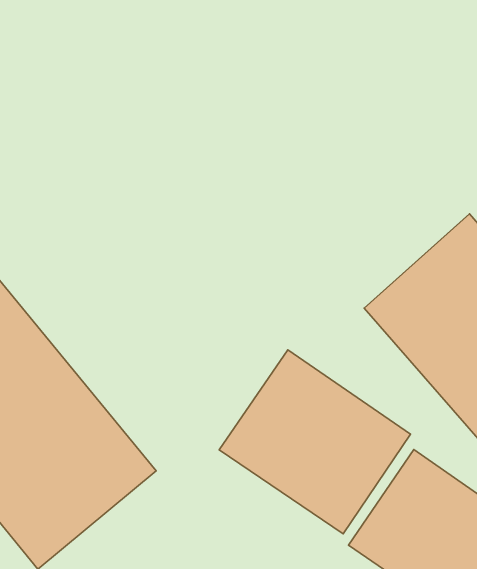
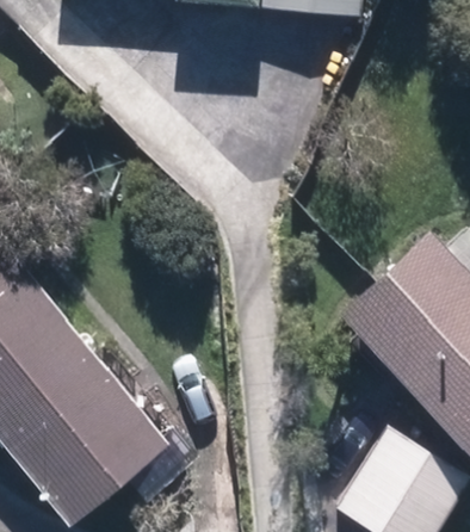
building: [219,350,410,534] -> none

